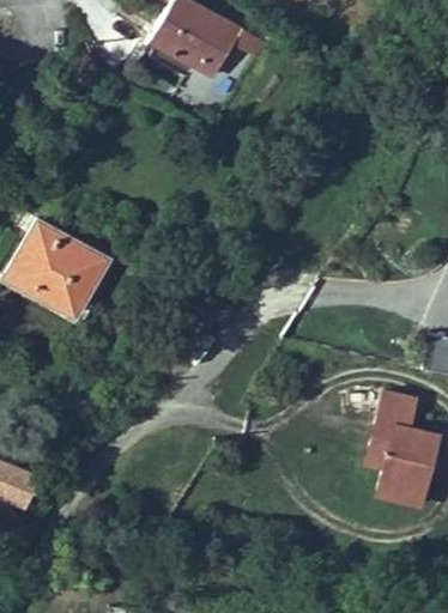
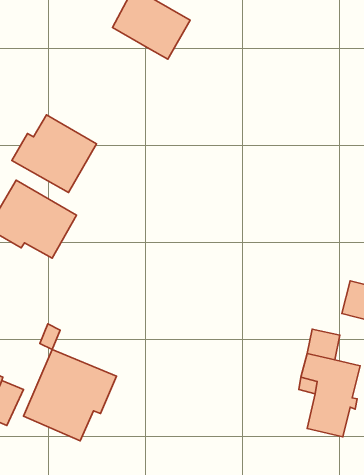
building: none -> [12,115,96,192]
building: none -> [23,350,117,441]

